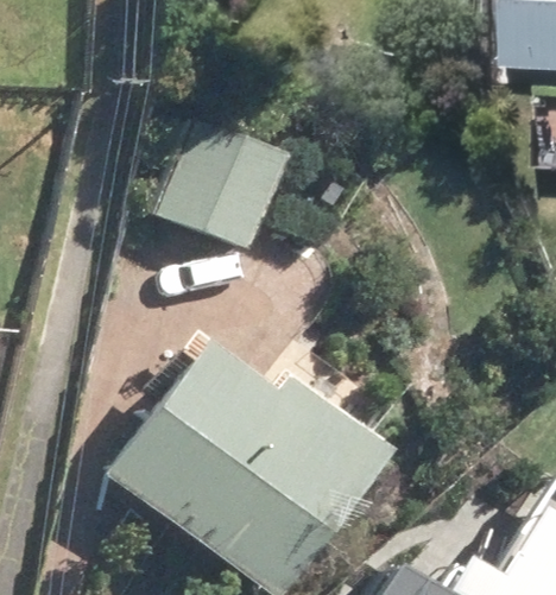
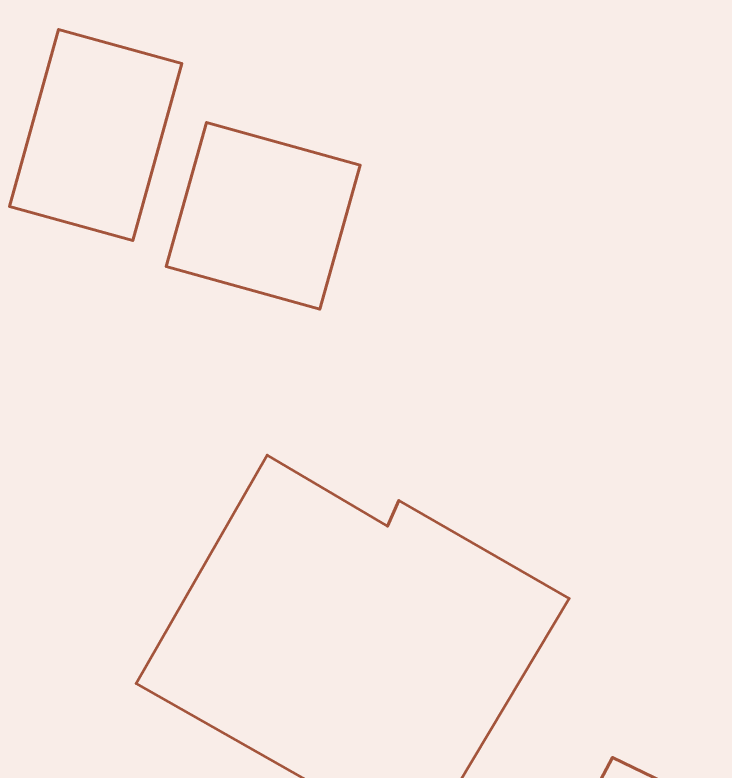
building: none -> [10,30,182,240]

